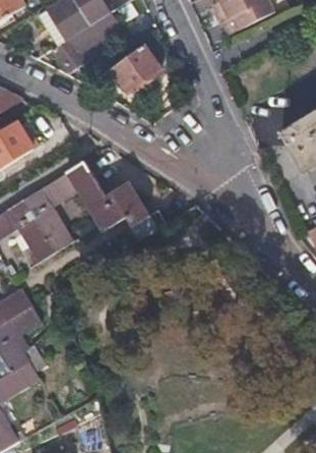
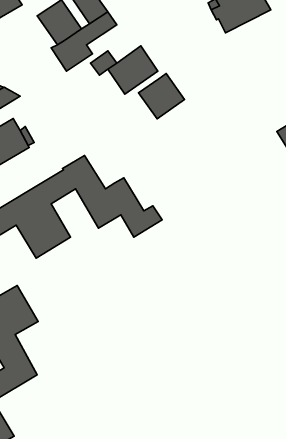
building: none -> [139,74,185,119]

